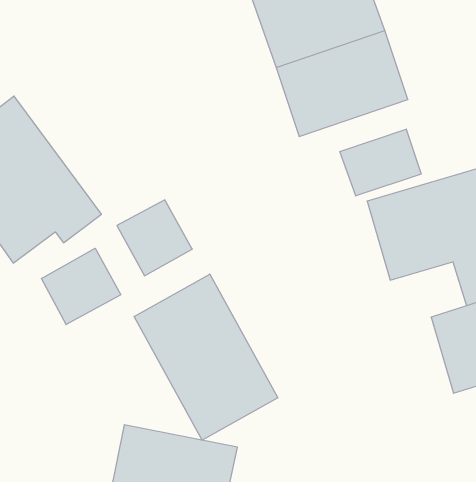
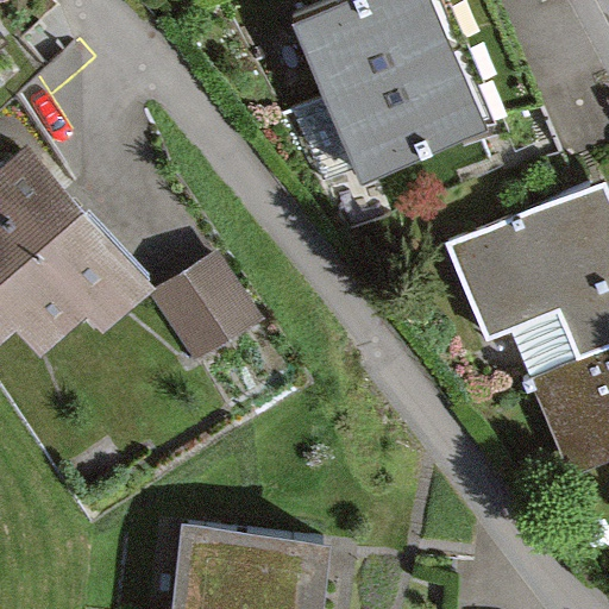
building: [340,129,421,196] -> none
building: [41,248,121,325] -> none
building: [134,274,278,440] -> none

